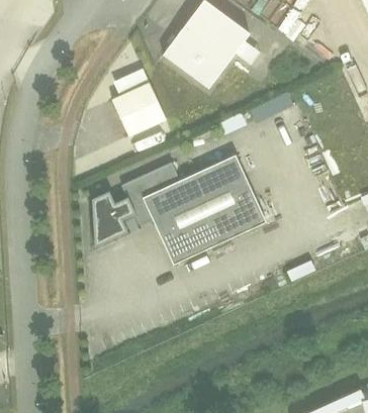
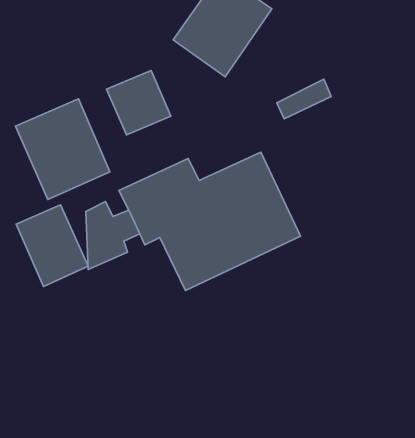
building: none -> [15,99,110,200]
building: none -> [16,205,88,287]

